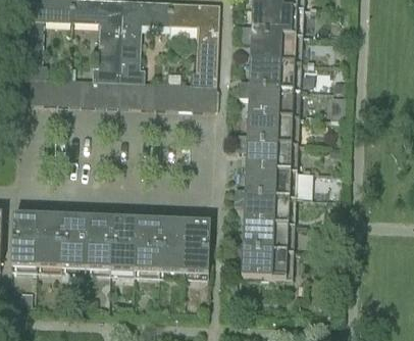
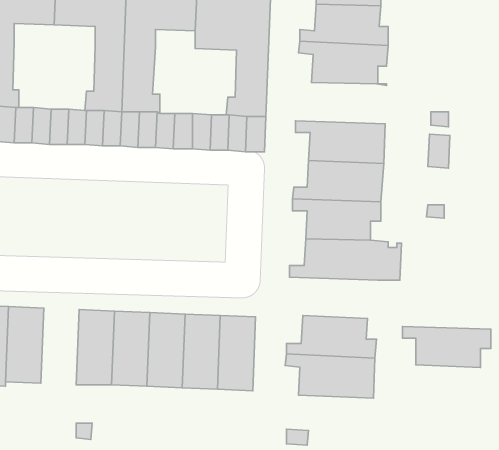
building: [238,61,300,90] -> none
building: [234,196,295,225] -> [402,326,491,368]
building: [61,217,88,271] -> none

